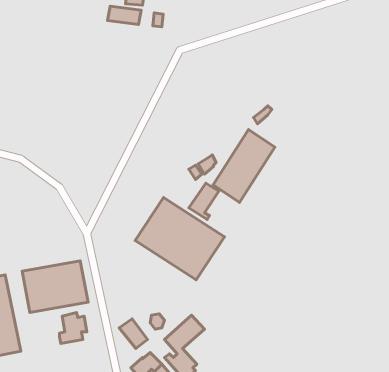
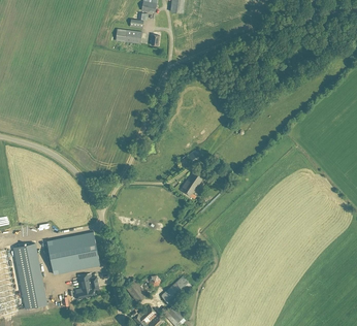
building: [213,130,275,202] -> none
building: [135,198,224,280] -> none

